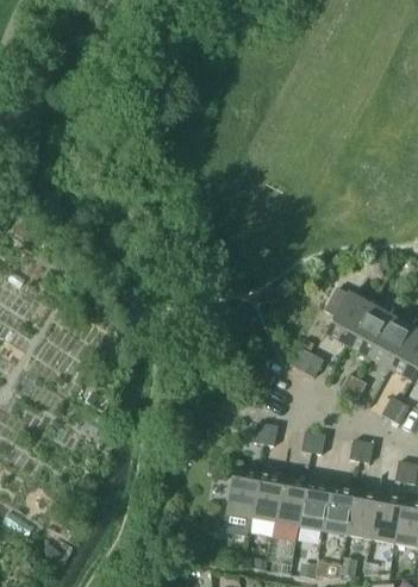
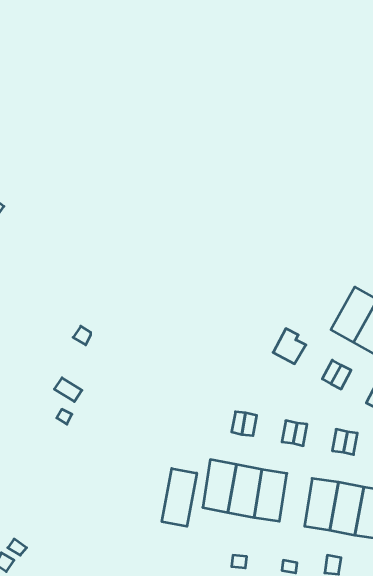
building: [326,288,372,345] -> none
building: none -> [162,468,197,526]
building: [300,481,331,531] -> none

